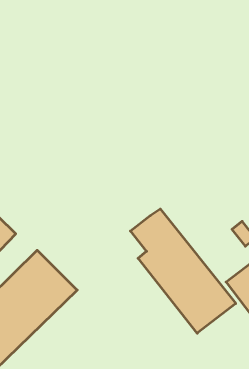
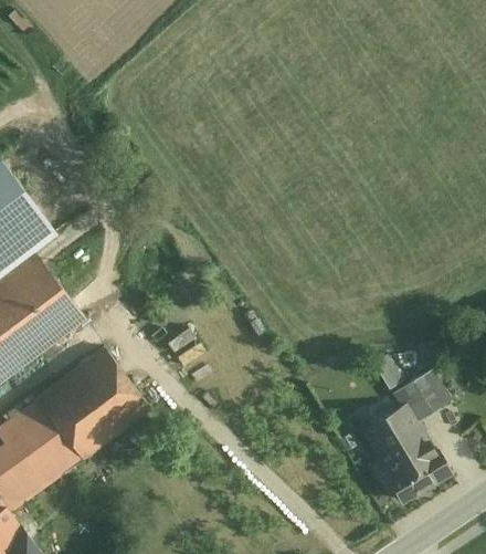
building: [130,209,236,333] -> none

